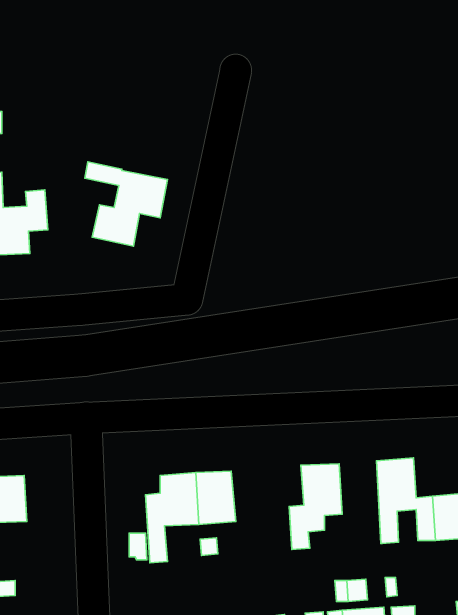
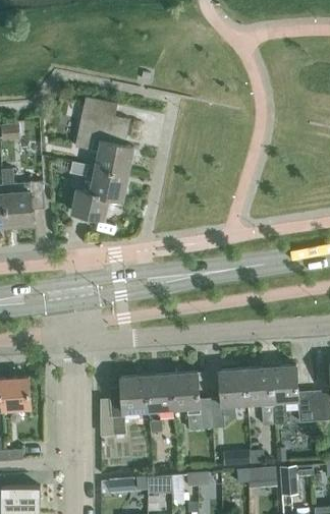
building: none -> [74,97,132,174]
building: none -> [244,367,274,429]
building: none -> [170,373,212,431]

